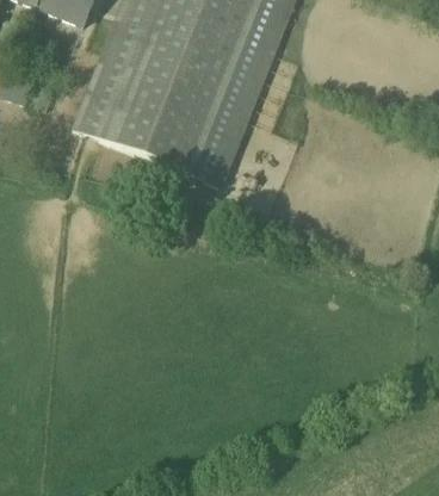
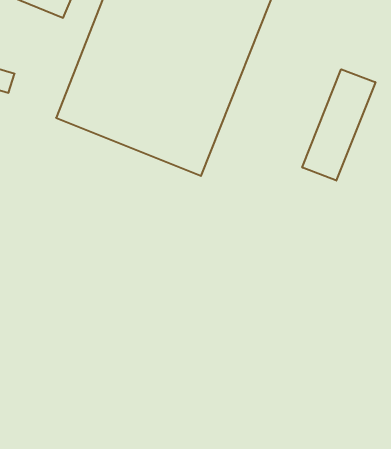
building: none -> [302,69,375,181]

